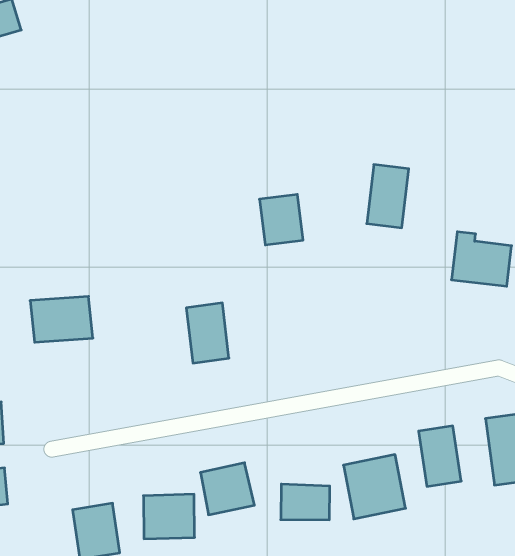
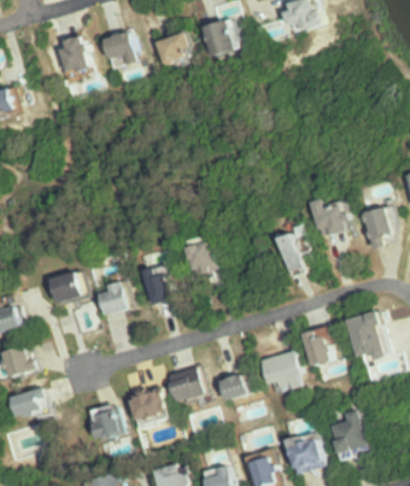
building: [367,165,409,228] -> [280,234,303,273]
building: [259,194,303,245] -> [187,240,218,275]
building: none -> [99,282,134,316]

